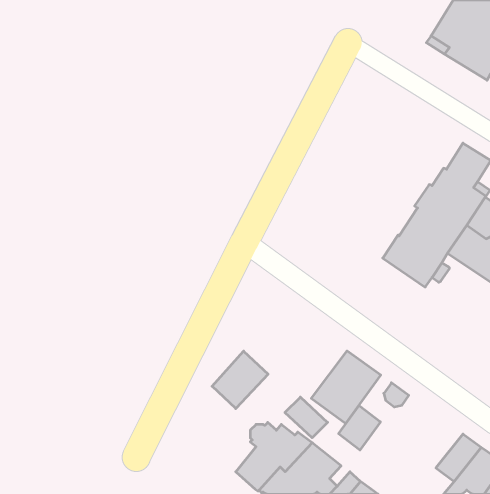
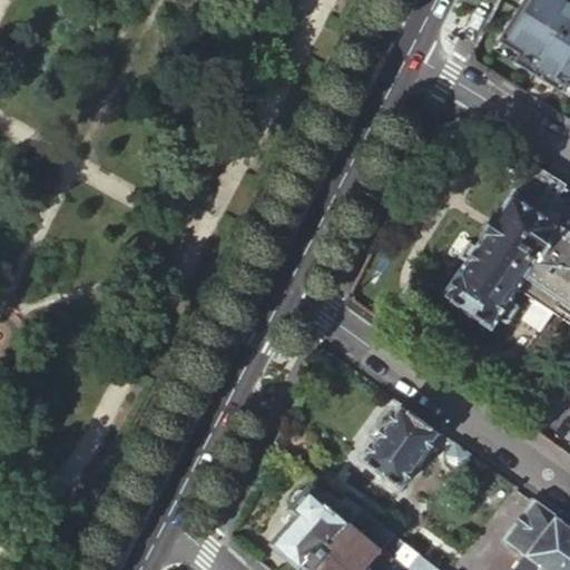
building: [212,351,268,409] -> none
building: [285,397,328,438] -> none
building: [339,405,380,450] -> none

